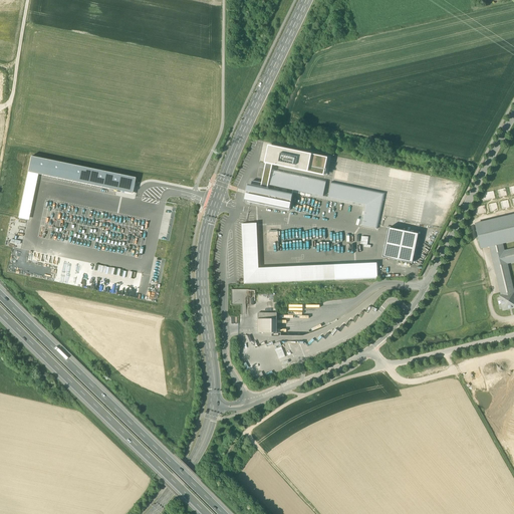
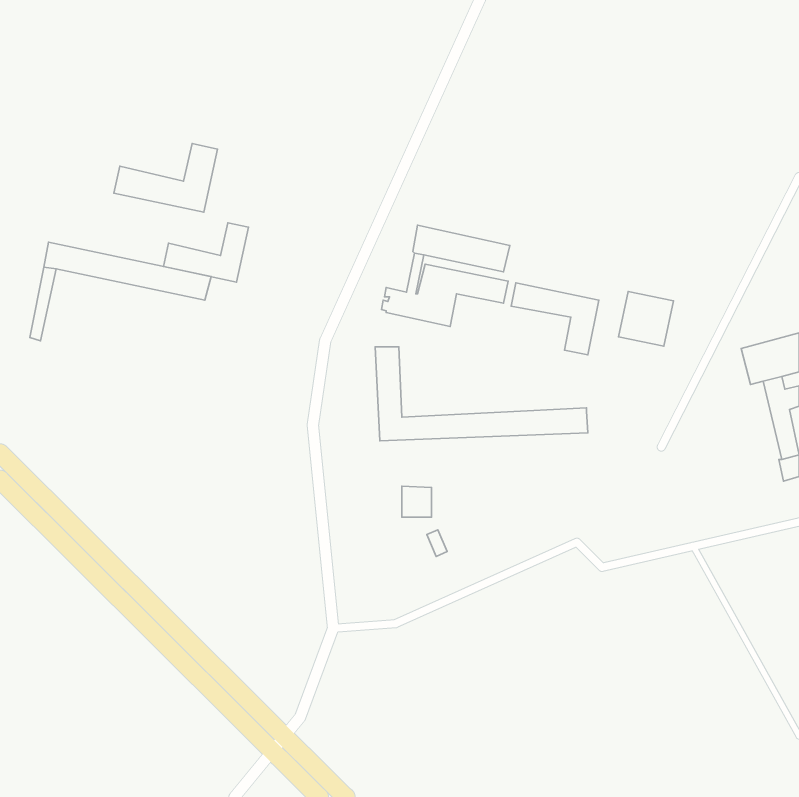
building: none -> [114,144,218,212]
building: none -> [163,223,249,282]
building: [382,227,418,262] -> [619,291,673,346]

